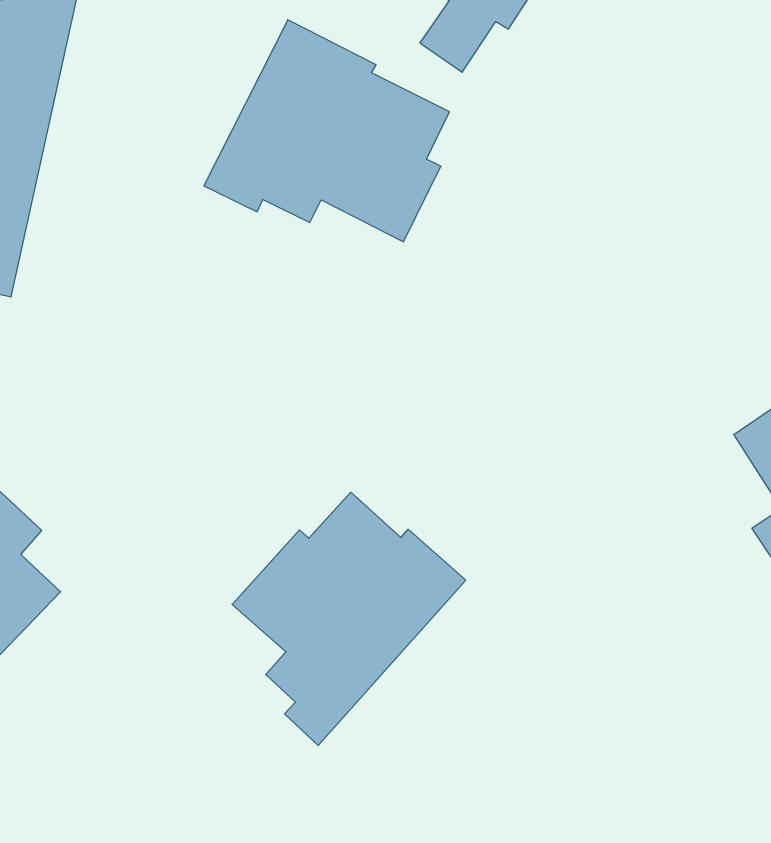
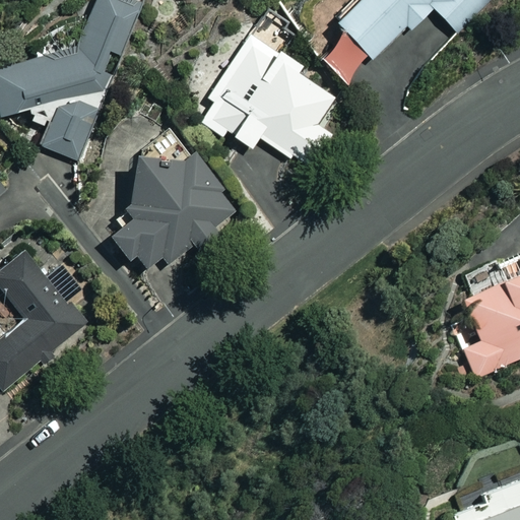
building: none -> [108,147,236,269]
building: [232,492,466,745] -> none

